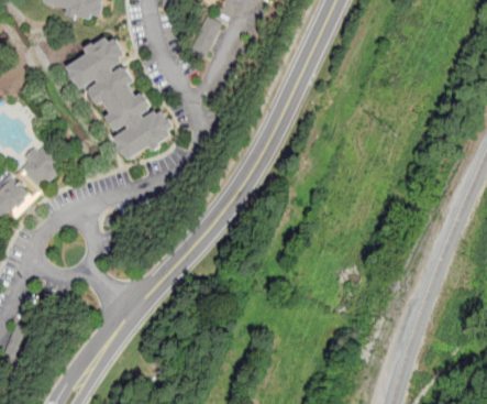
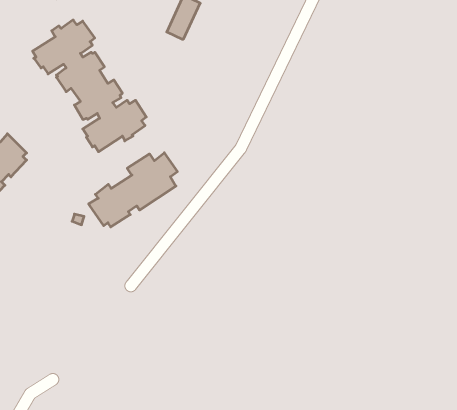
building: none -> [89,153,177,227]

